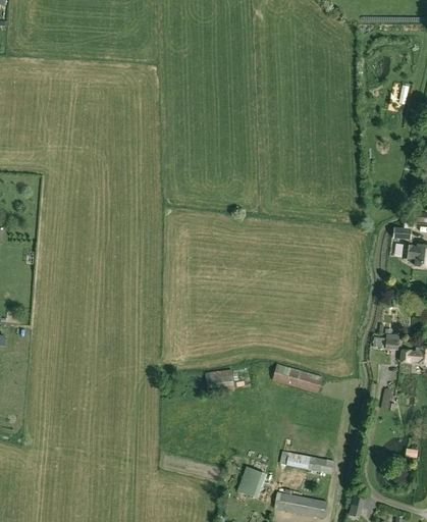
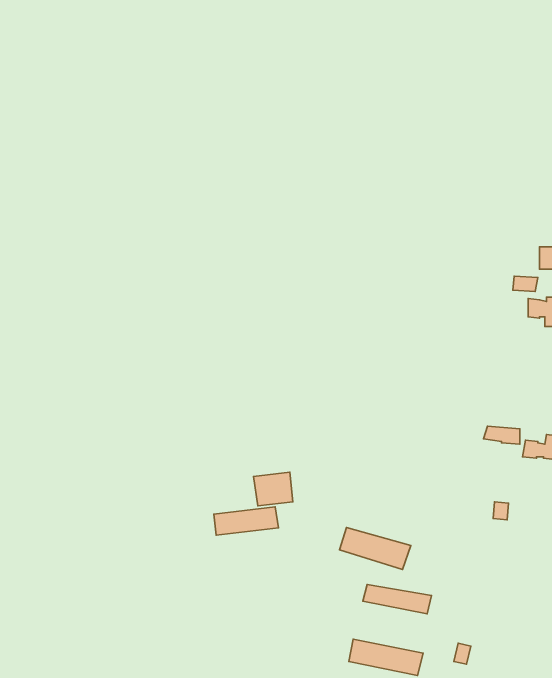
building: [272,363,324,394] -> [340,527,411,569]
building: none -> [214,507,279,535]
building: [239,468,266,497] -> none

